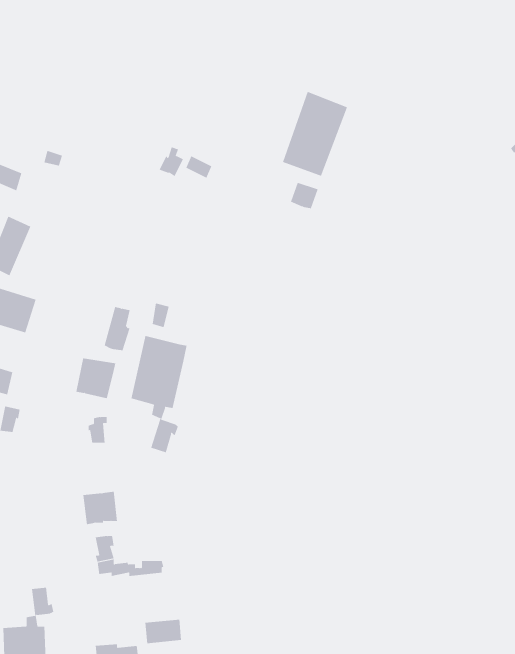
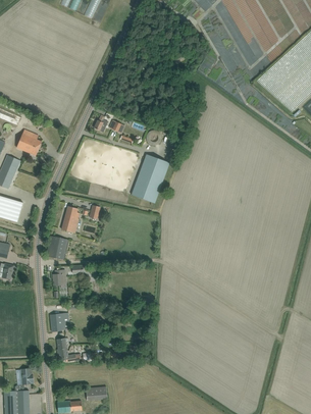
building: [282,91,348,176] -> [132,153,169,202]
building: none -> [17,128,42,155]
building: [131,335,187,453] -> none

